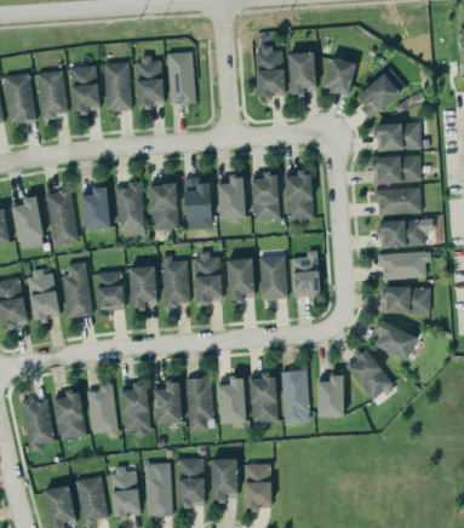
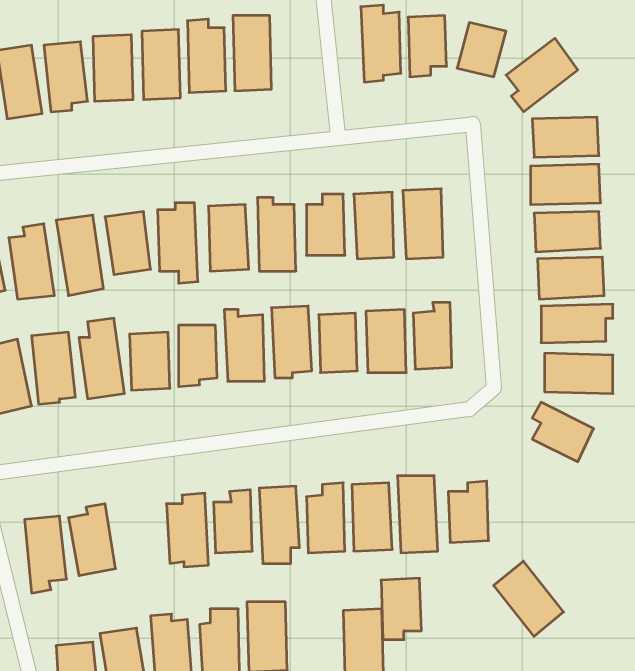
building: [345,349,394,401] -> [494,561,564,636]
building: [86,383,118,437] -> none
building: [210,458,237,500] -> [381,578,421,640]

